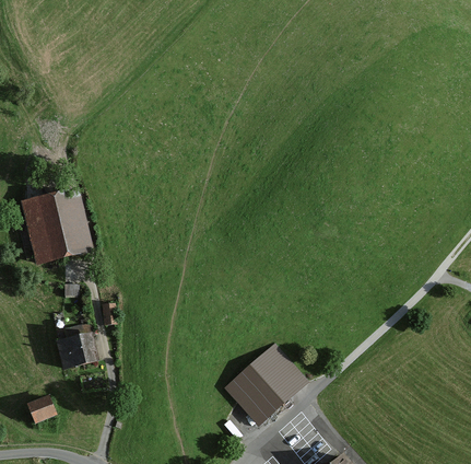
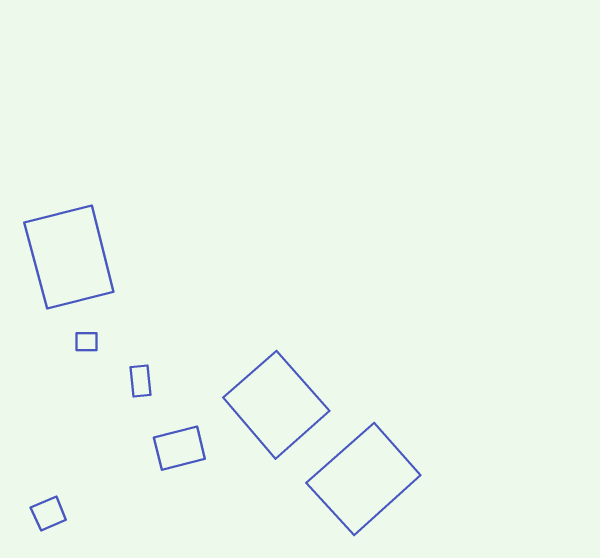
building: none -> [223,351,329,459]
building: [57,336,93,367] -> [154,427,205,470]

